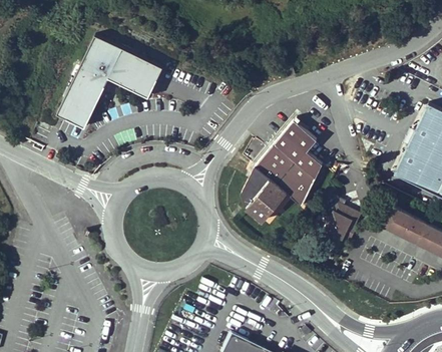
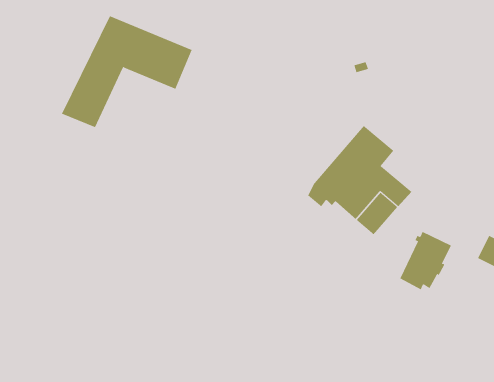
building: [242,177,288,224] -> none

